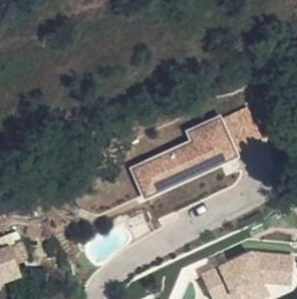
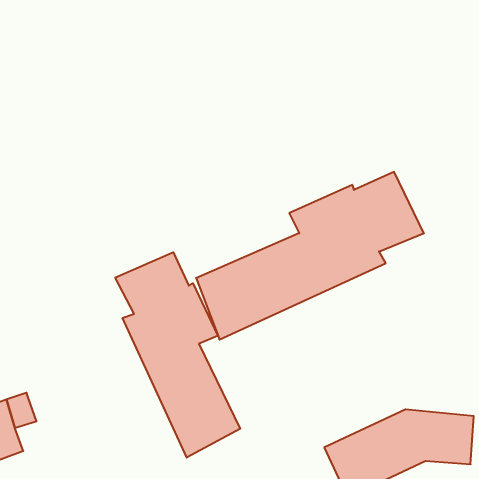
building: none -> [115,252,240,458]

